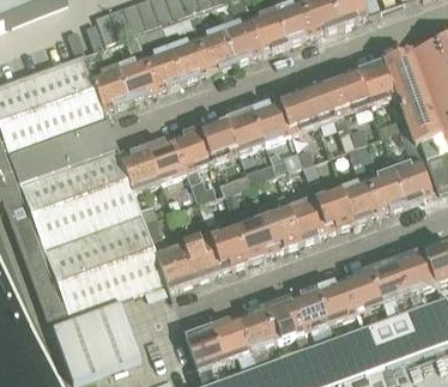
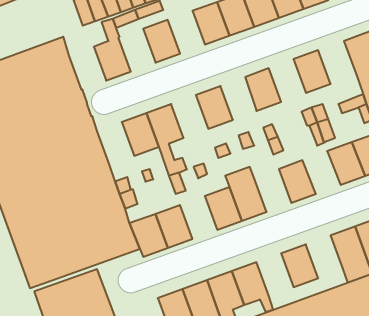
building: [196,26,236,72] -> none
building: [144,46,183,91] -> none
building: [85,49,131,110] -> none
building: [357,59,398,104] -> none
building: [304,78,344,123] -> none
building: [253,97,291,143] -> none
building: [200,116,240,162] -> none
building: [121,145,161,191] -> none
building: [340,176,381,222] -> none
building: [289,185,328,241] -> none
building: [210,224,249,270] -> none
building: [344,266,383,312] -> none
building: [291,285,332,339] -> none

